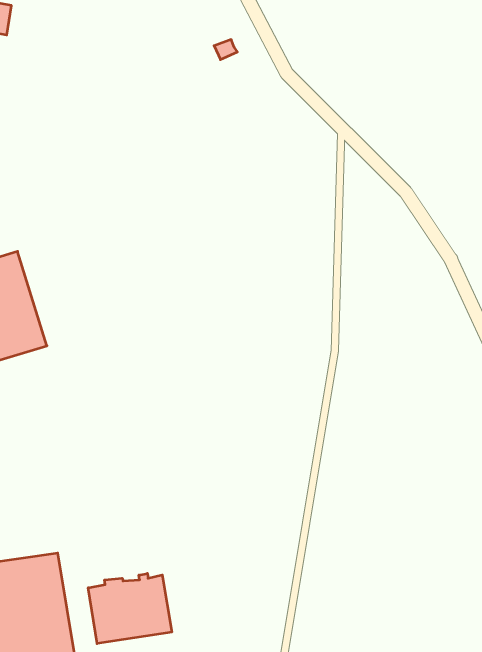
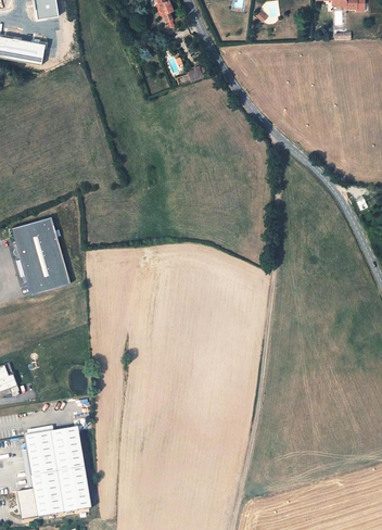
building: [88,573,172,644] -> none

